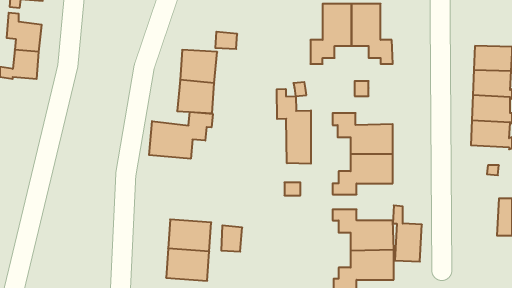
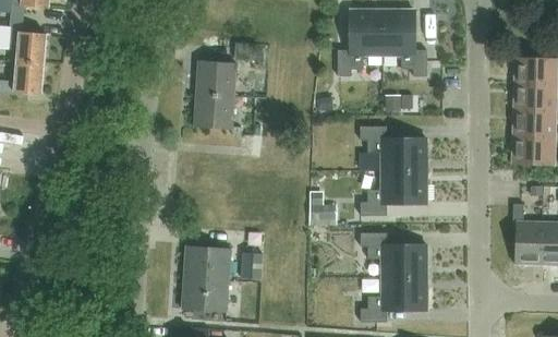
building: [277,89,311,164] -> none
building: [149,112,213,159] -> none
building: [393,205,422,262] -> [511,201,543,262]

